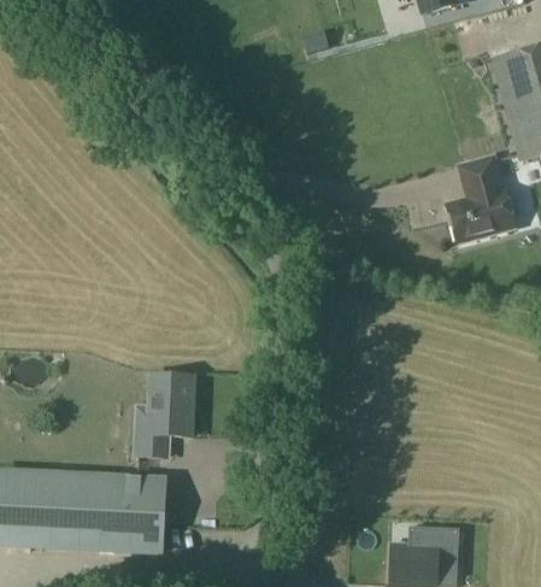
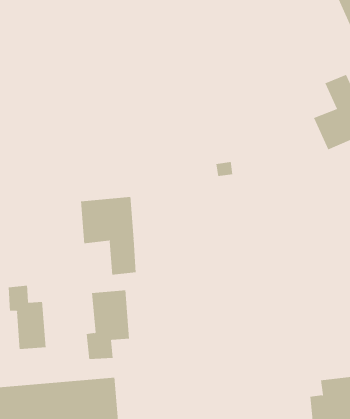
building: none -> [80,196,136,275]
building: none -> [8,285,46,350]

